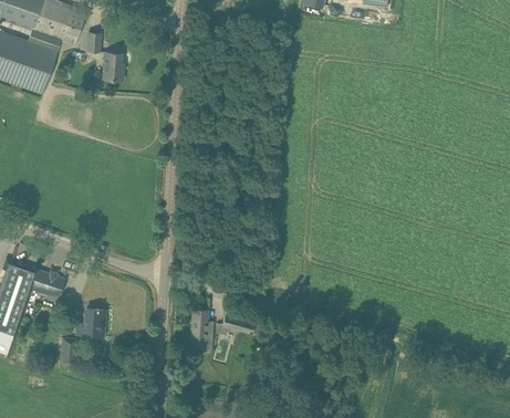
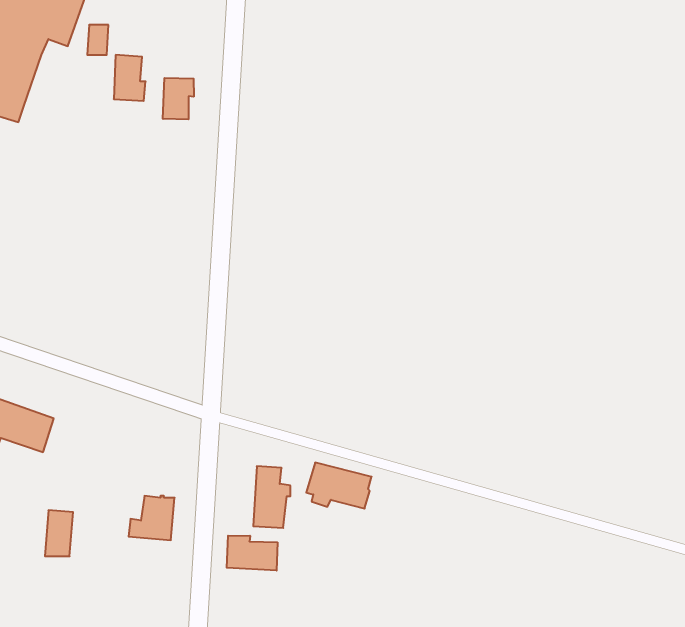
building: none -> [163,78,194,119]
building: [75,309,104,336] -> [129,496,175,540]
building: none -> [227,536,277,571]

